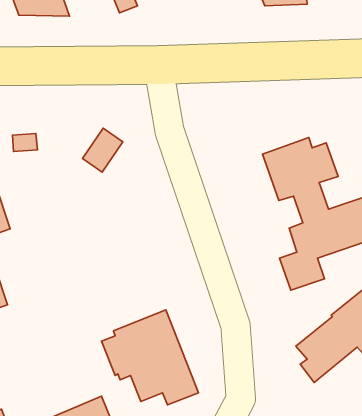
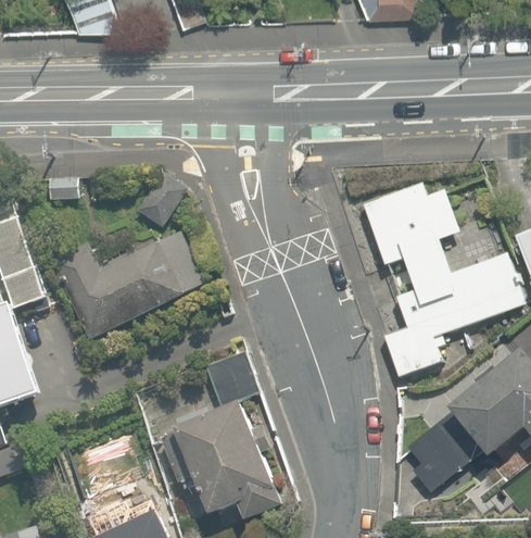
building: none -> [48,230,204,340]
building: none -> [202,346,257,406]

